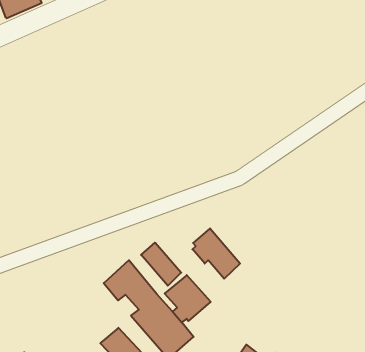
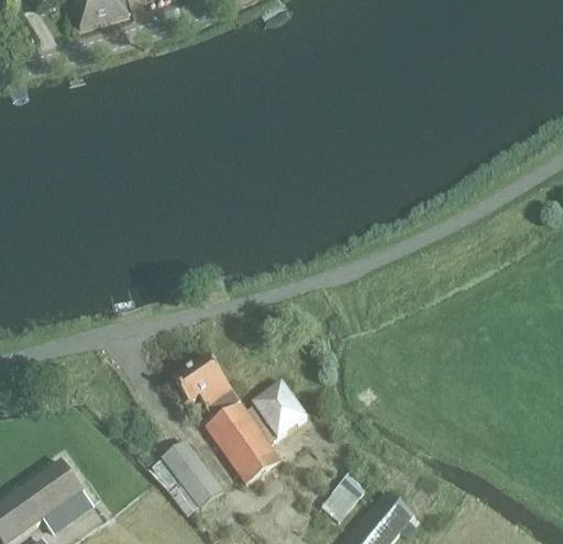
building: [192,228,240,279] -> none
building: [141,243,181,286] -> none

